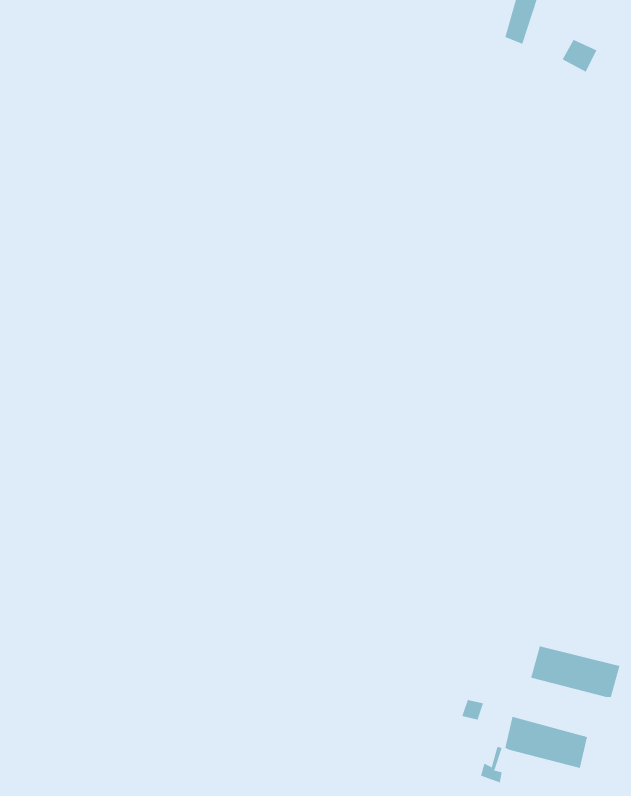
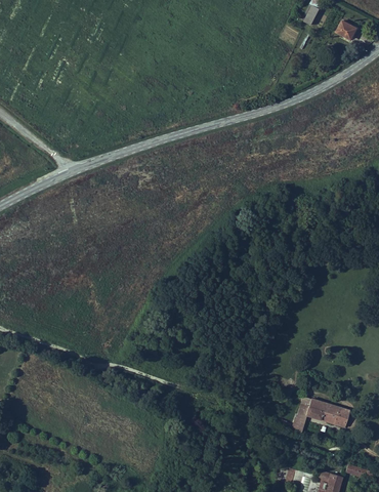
building: [530,646,620,698] -> none

